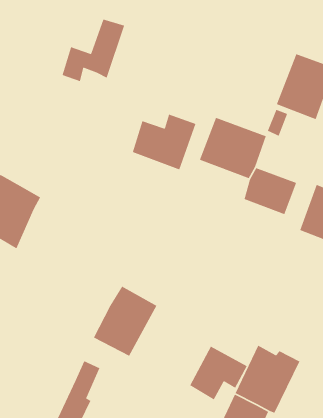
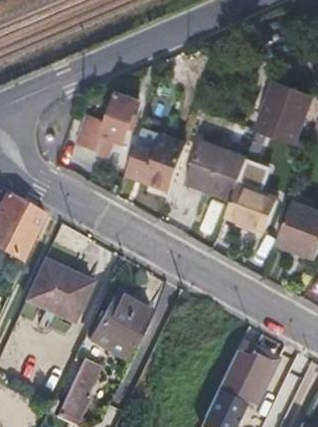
building: [61,18,125,82] -> [81,90,138,148]
building: none -> [25,258,91,322]
building: [189,345,248,400] -> none

